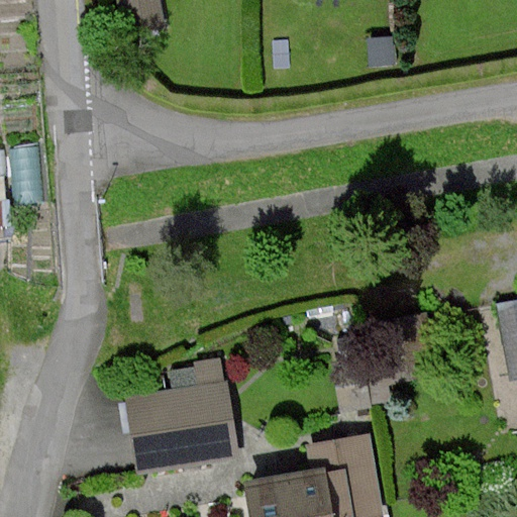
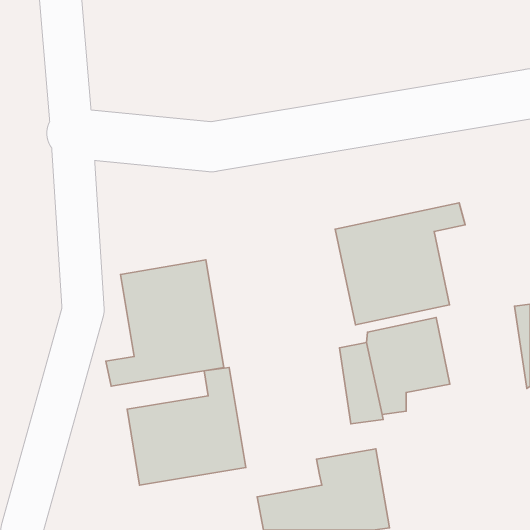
building: none -> [335,203,465,325]
building: none -> [106,260,224,386]

